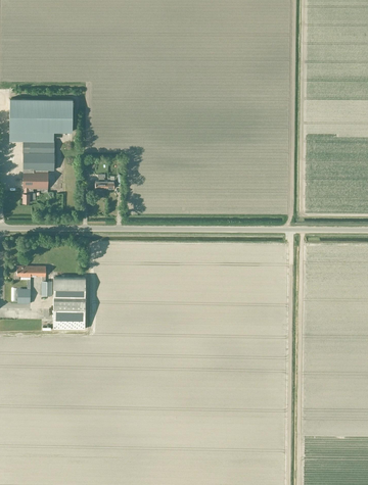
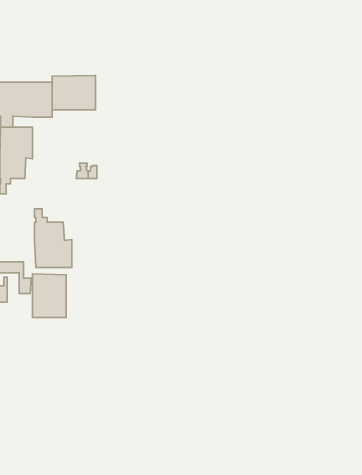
building: none -> [52,75,96,110]
building: none -> [35,209,72,268]

